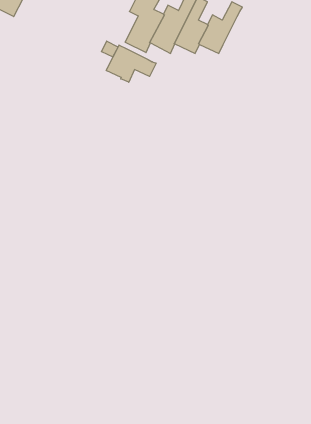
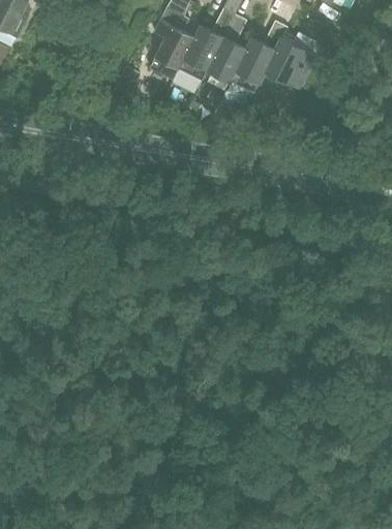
building: none -> [265,32,322,88]
building: [106,45,156,82] -> none

